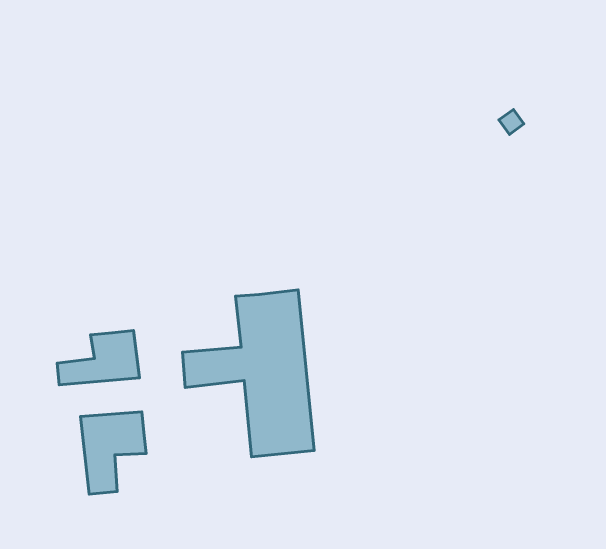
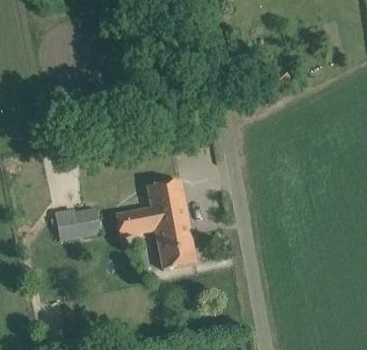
building: [81,412,146,494] -> none

